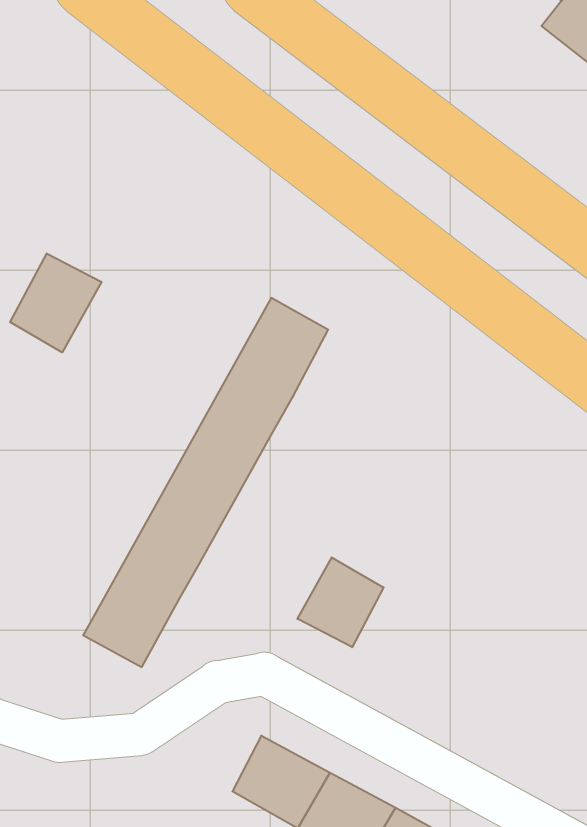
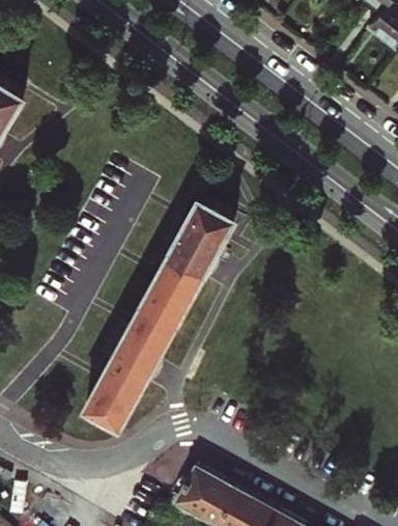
building: [10,253,101,352] -> none
building: [297,557,384,647] -> none

